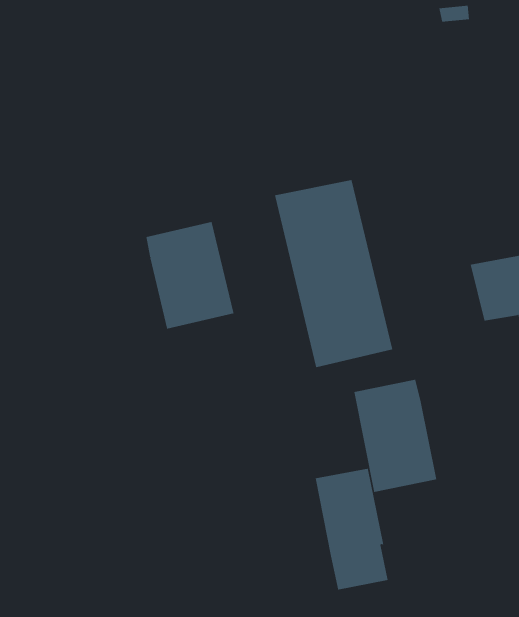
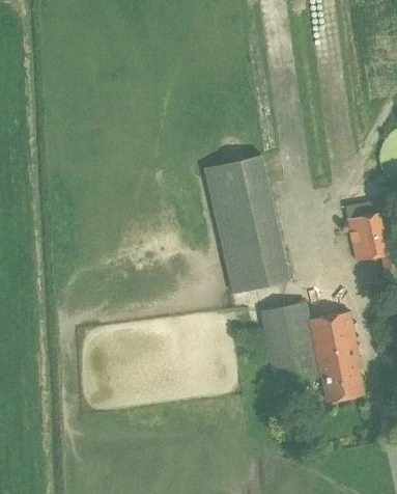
building: [146,221,234,330] -> none
building: [315,468,388,590] -> [311,311,365,401]

